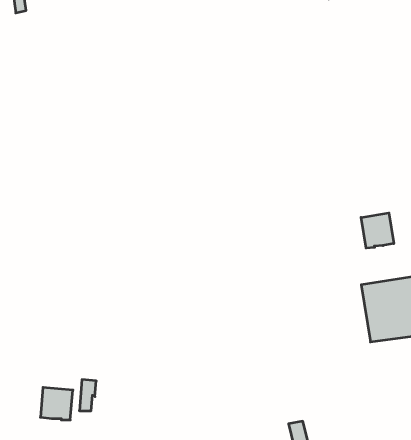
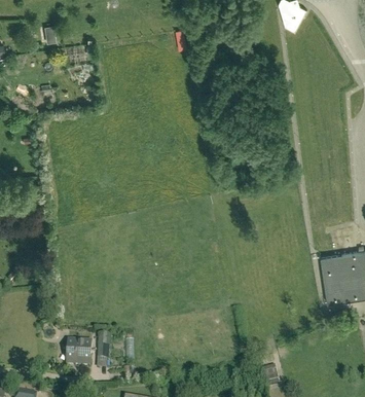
building: [361,213,394,248] -> none

